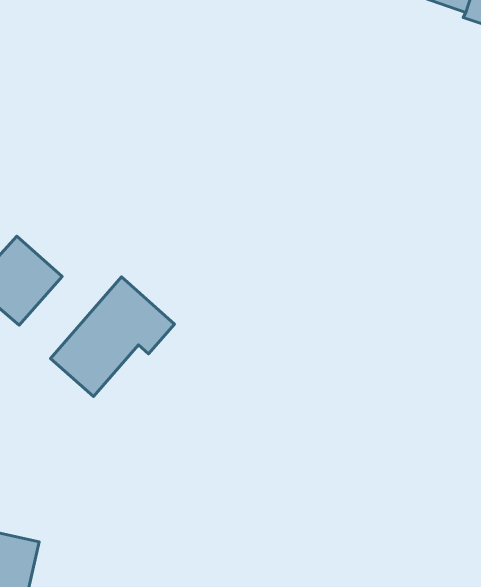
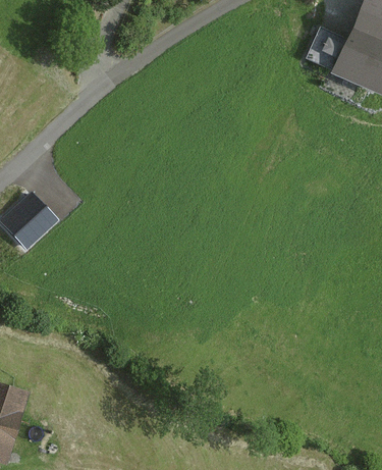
building: [50,277,175,397] -> none

